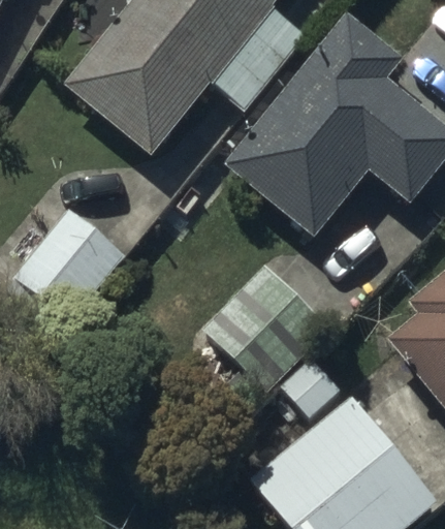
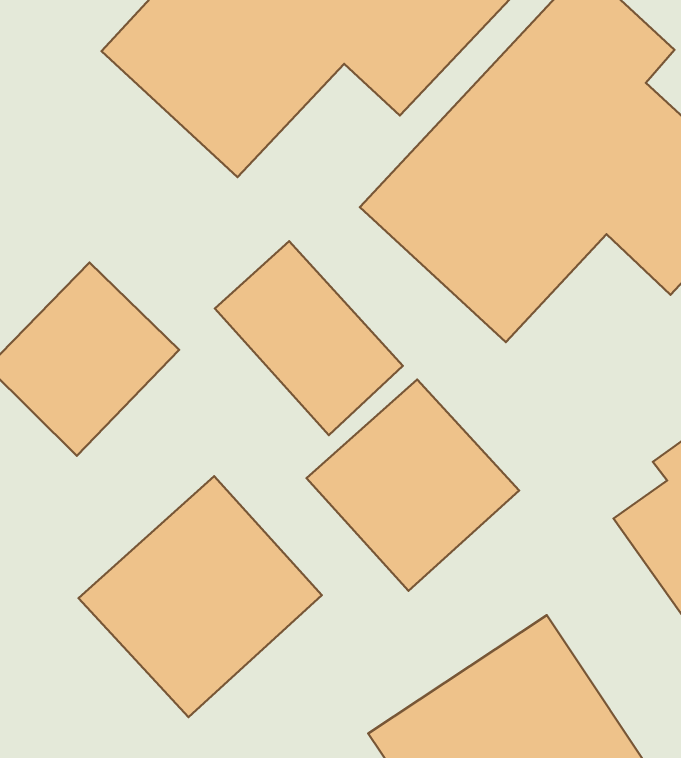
building: none -> [215,241,403,435]
building: none -> [79,476,322,717]

